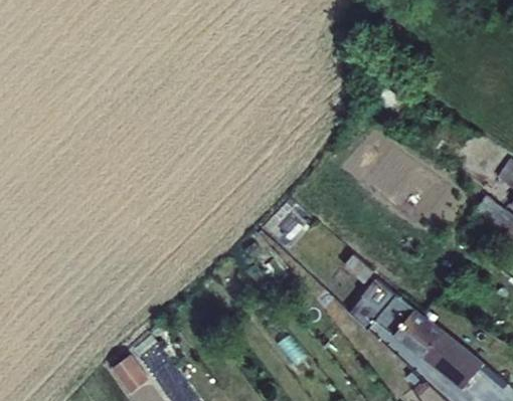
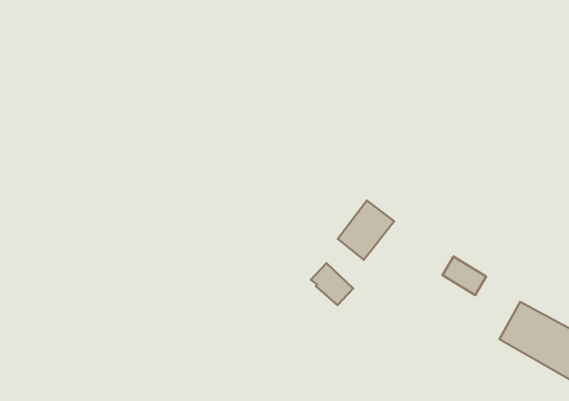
building: [351,281,395,327] -> none

